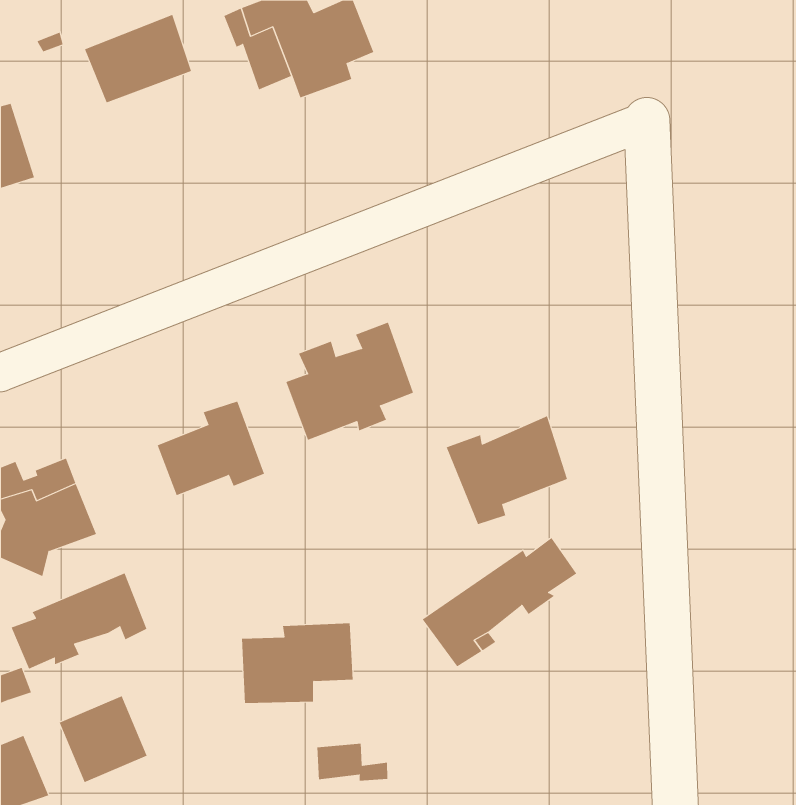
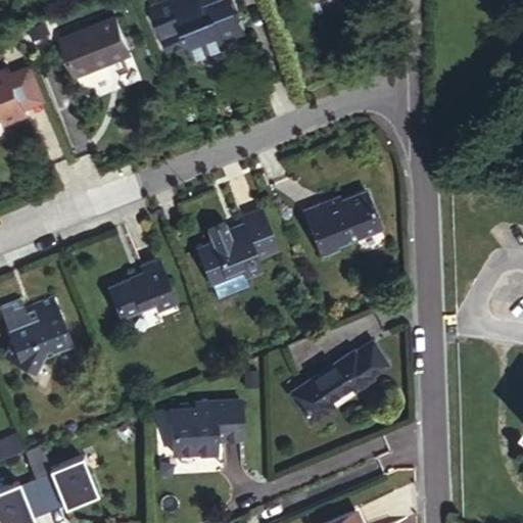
building: [446,416,568,525] -> [299,185,378,255]
building: [11,572,147,670] -> none
building: [317,743,388,782] -> none

